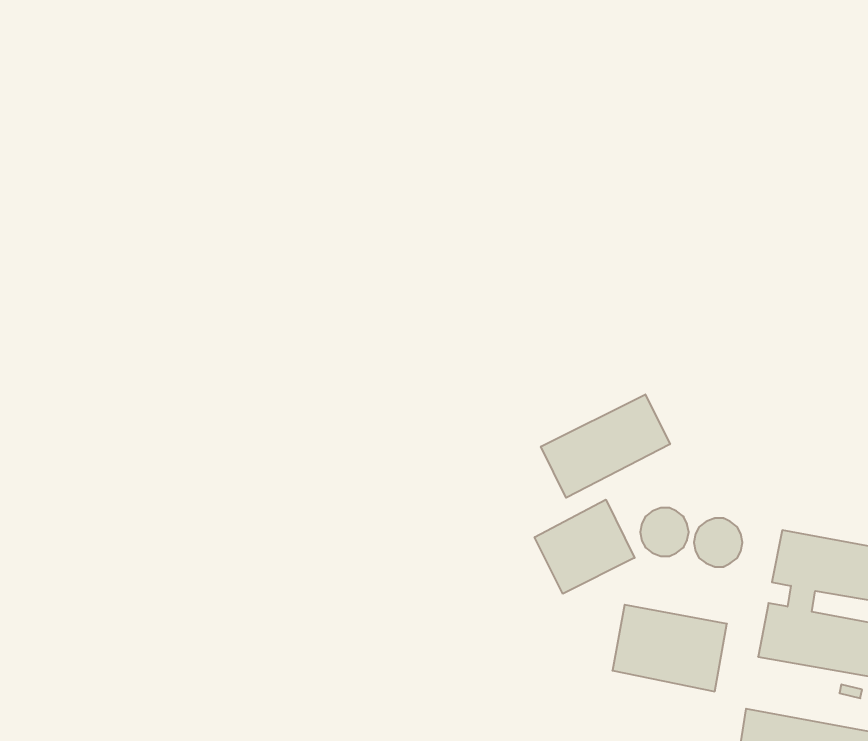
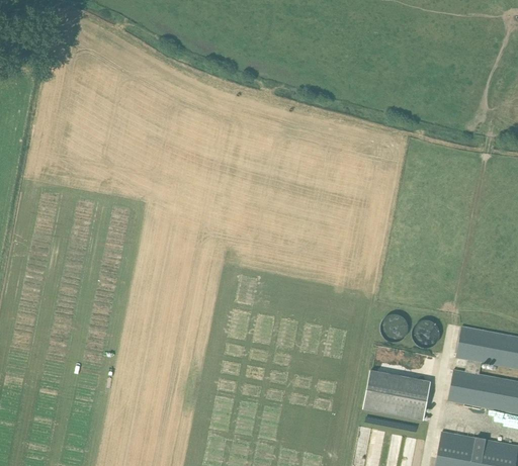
building: [541,394,670,498] -> none
building: [535,500,635,594] -> none

